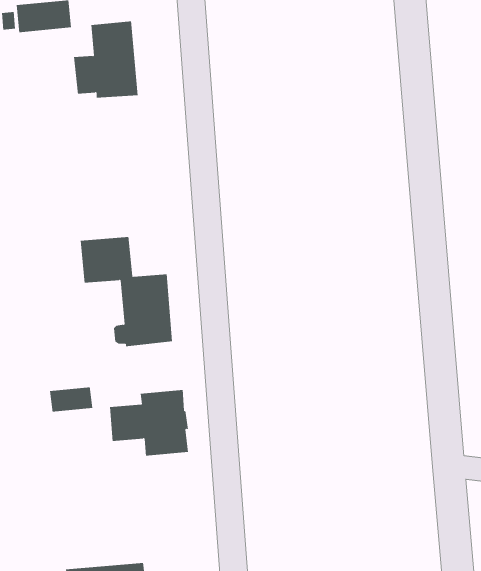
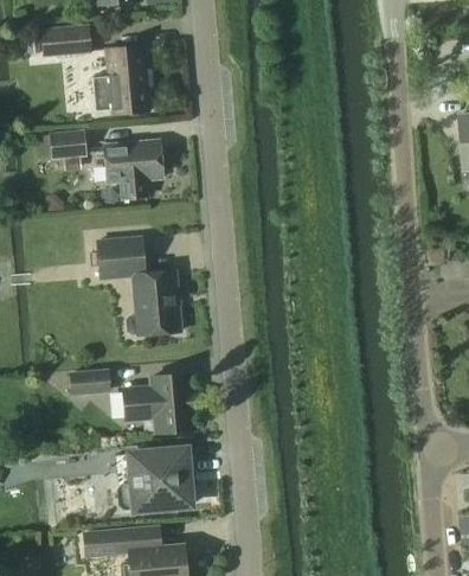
building: none -> [51,132,86,158]
building: none -> [104,140,163,199]
building: none -> [120,448,192,510]

